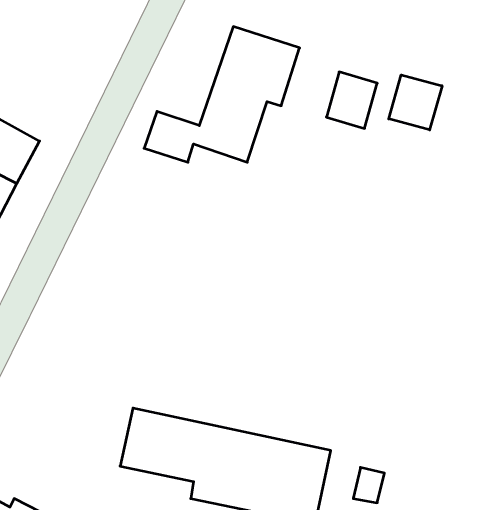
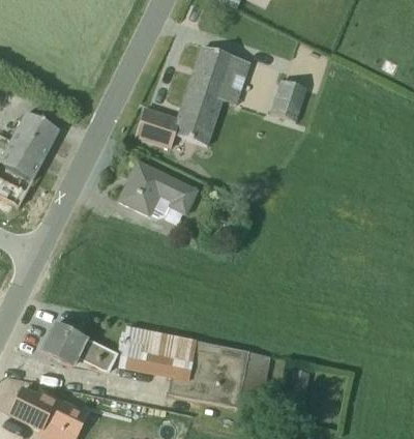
building: [389,75,442,130] -> none
building: none -> [119,160,198,221]
building: none -> [40,323,119,372]

